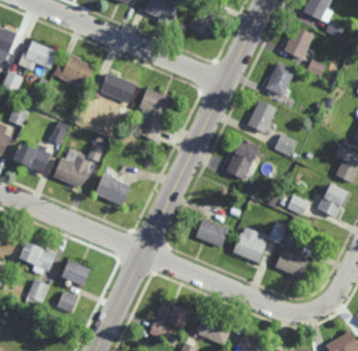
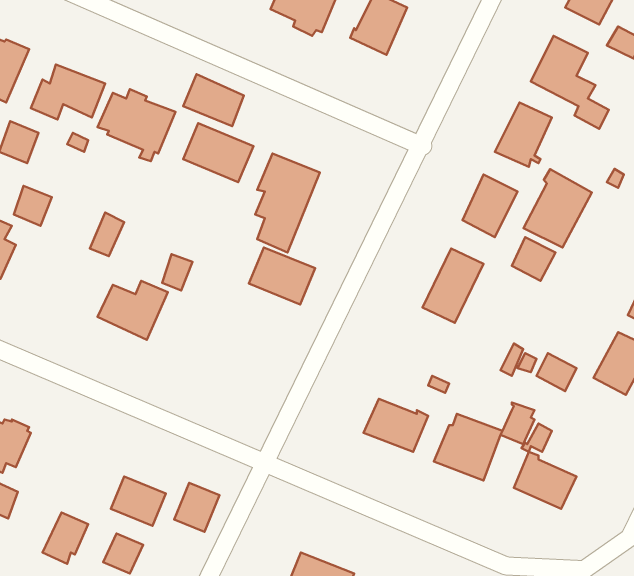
building: none -> [183,74,244,126]
building: none -> [524,169,592,248]
building: [13,145,51,173] -> none
building: [95,175,130,205] -> [249,247,315,304]
building: [19,243,56,275] -> none
building: none -> [174,483,220,532]

